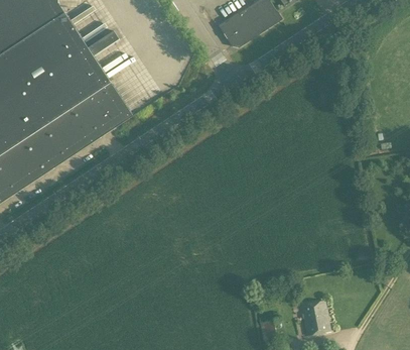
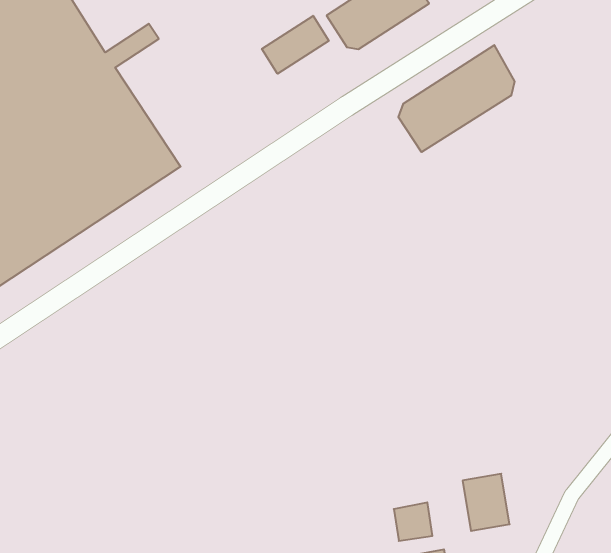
building: none -> [262,16,329,74]
building: none -> [398,45,514,152]

